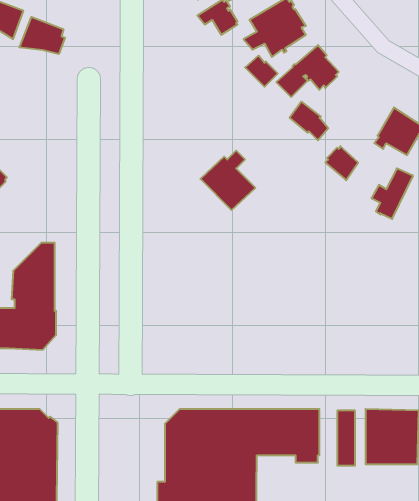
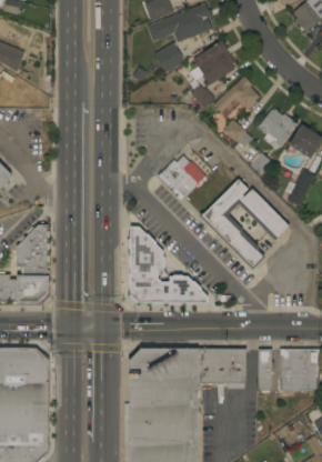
building: [19,17,65,54] -> none
building: none -> [258,107,298,148]
building: none -> [199,178,290,269]
building: none -> [129,229,208,302]

